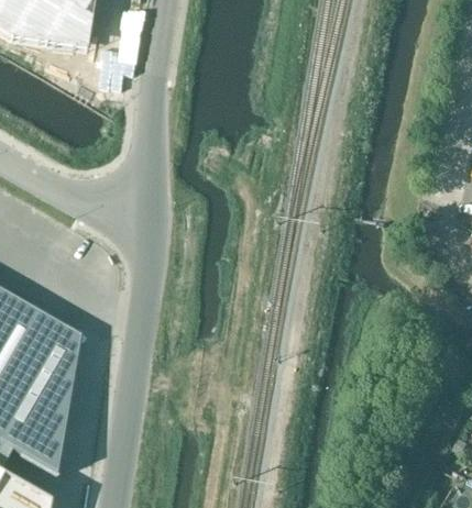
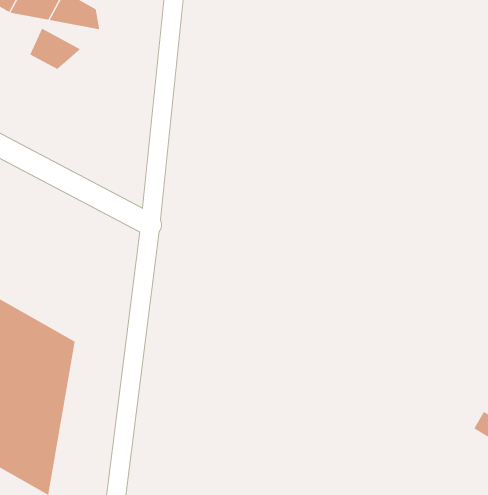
building: none -> [29,28,81,70]

